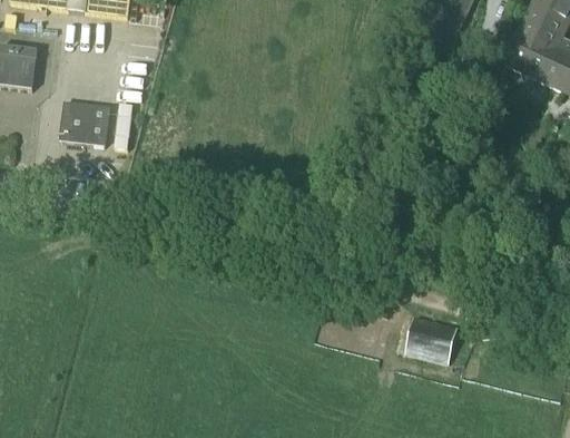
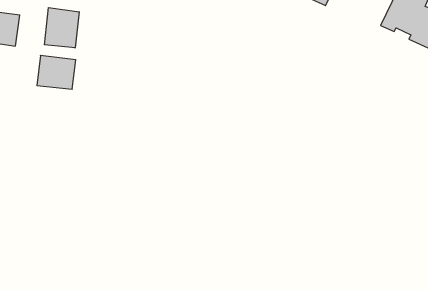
building: none -> [44,8,79,48]
building: [405,317,458,362] -> none

